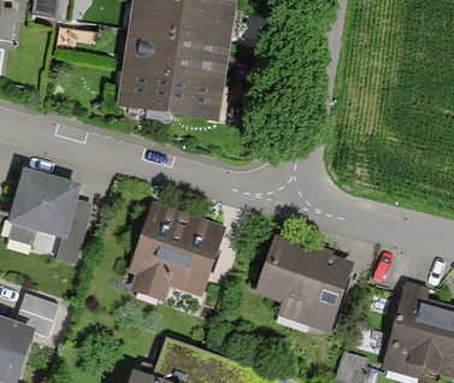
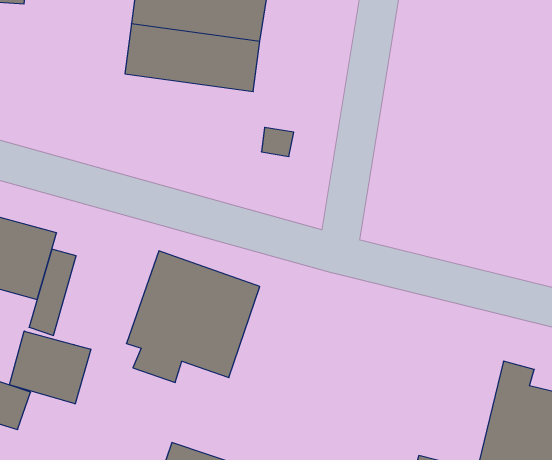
building: [122,69,222,118] -> none
building: [254,234,355,334] -> none
building: none -> [9,331,91,404]

